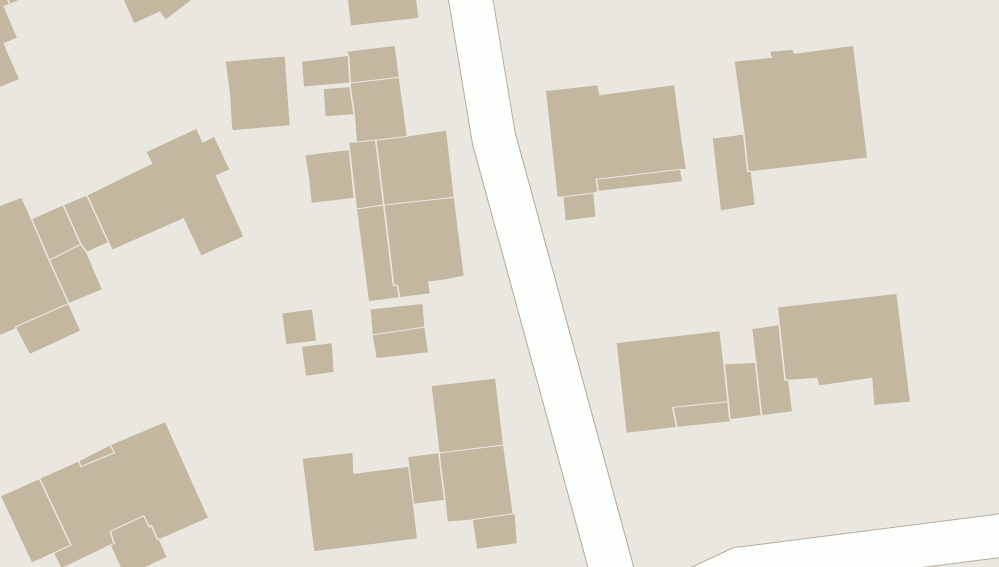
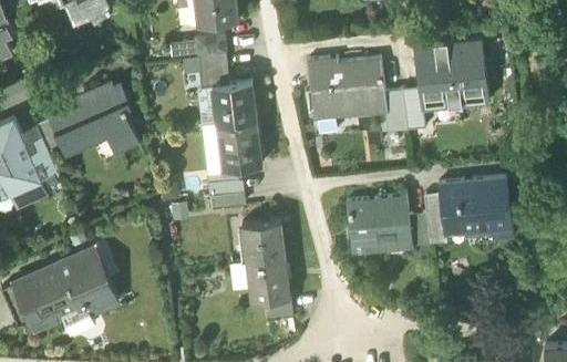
building: [225,56,290,131] -> none
building: none -> [384,87,406,130]
building: [305,149,354,203] -> none
building: none -> [445,221,493,242]
building: [302,452,417,552] -> none

